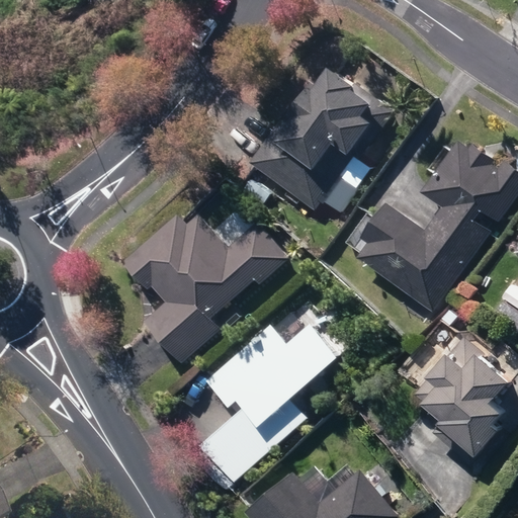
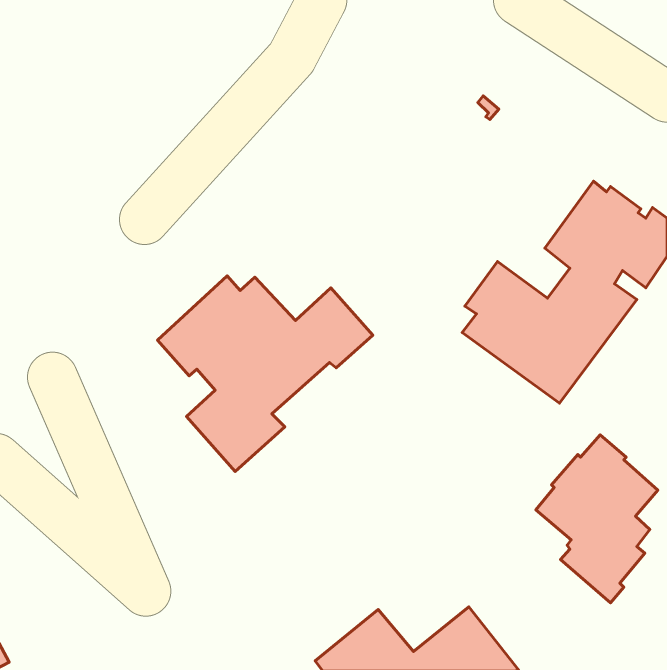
building: [248,63,394,210] -> none
building: [200,323,338,483] -> none

